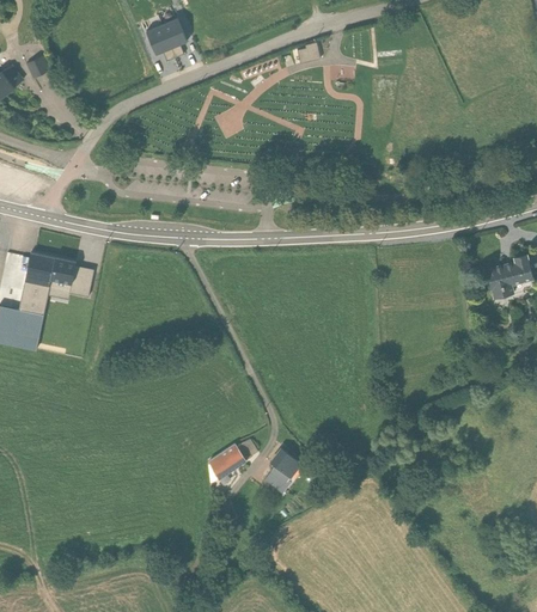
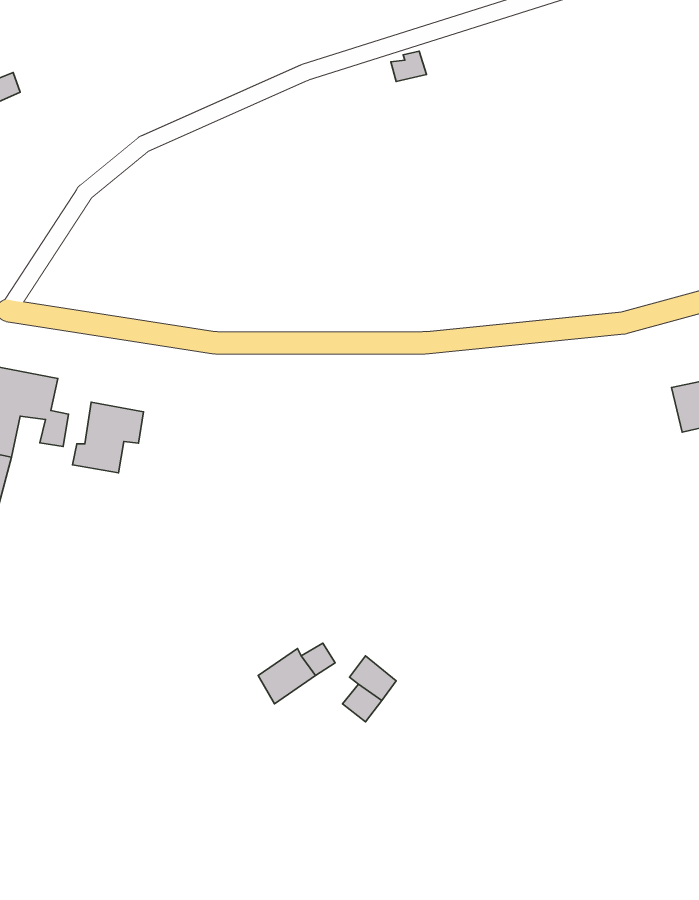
building: [146,20,185,56] -> none
building: none -> [73,402,144,473]

